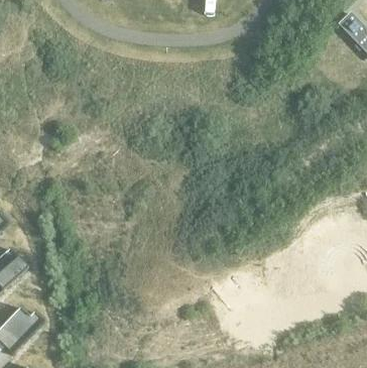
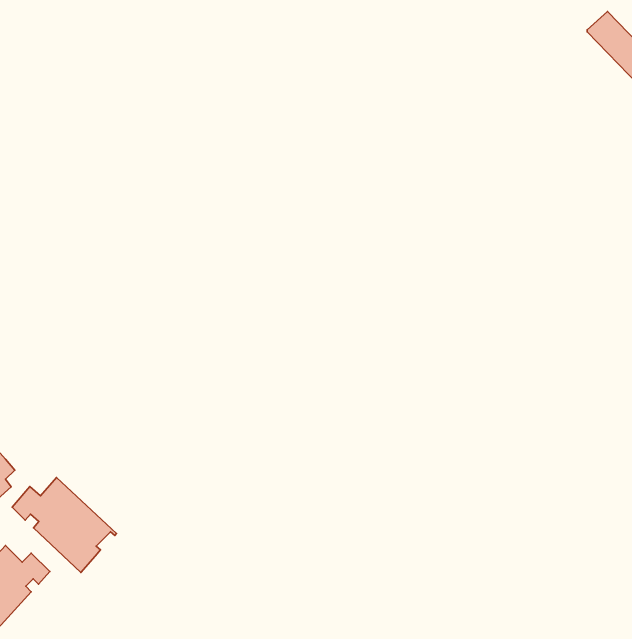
building: none -> [12,477,117,573]

